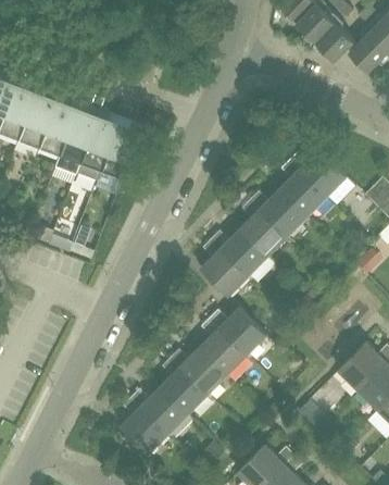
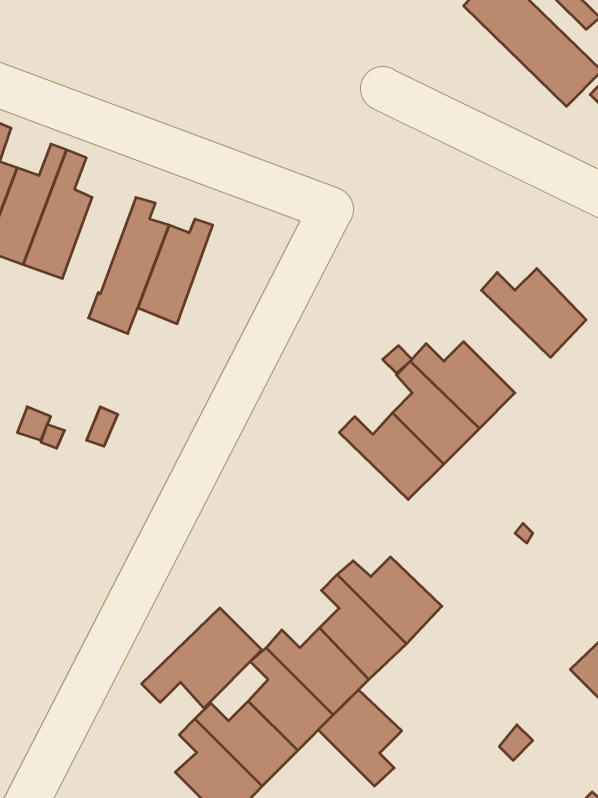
building: [58,97,102,164] -> none
building: [278,162,326,219] -> none
building: [200,240,248,298] -> none
building: none -> [142,608,262,708]
building: none -> [318,690,402,786]

